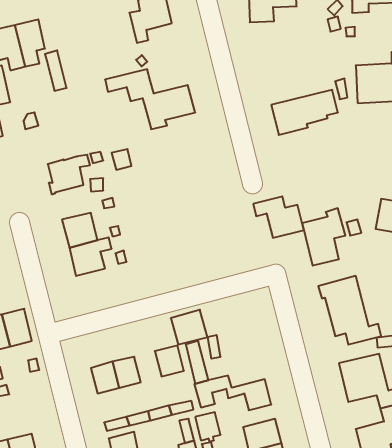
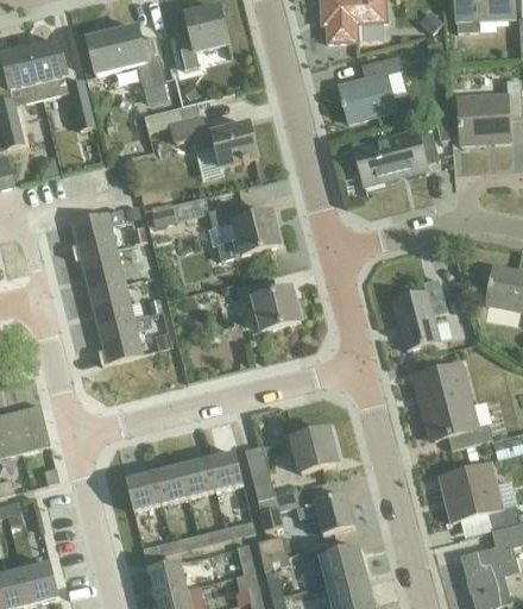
building: none -> [86,25,166,88]
building: none -> [336,55,401,123]
building: none -> [207,202,281,260]
building: none -> [80,247,125,291]
building: [253,196,304,238] -> [237,277,301,329]
building: [171,310,207,345] -> [290,427,336,471]
building: none -> [179,458,214,497]

